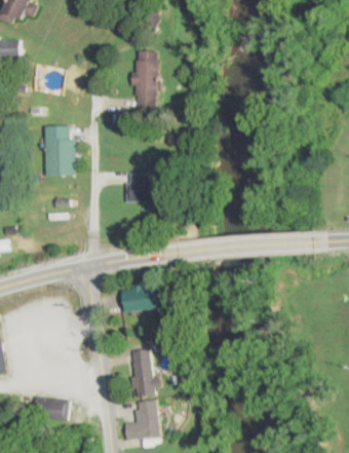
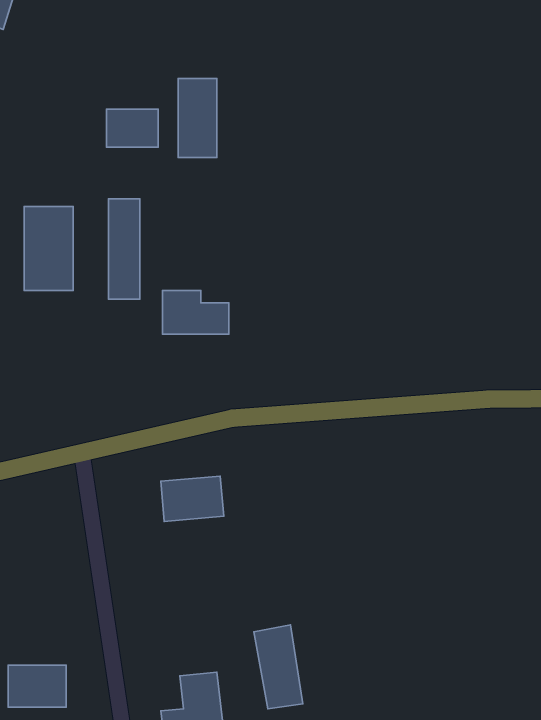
building: none -> [107,109,158,147]
building: none -> [108,199,140,299]
building: [128,348,157,398] -> [254,625,303,709]

